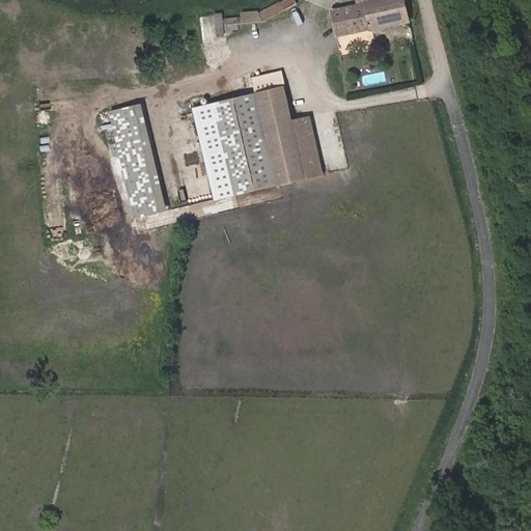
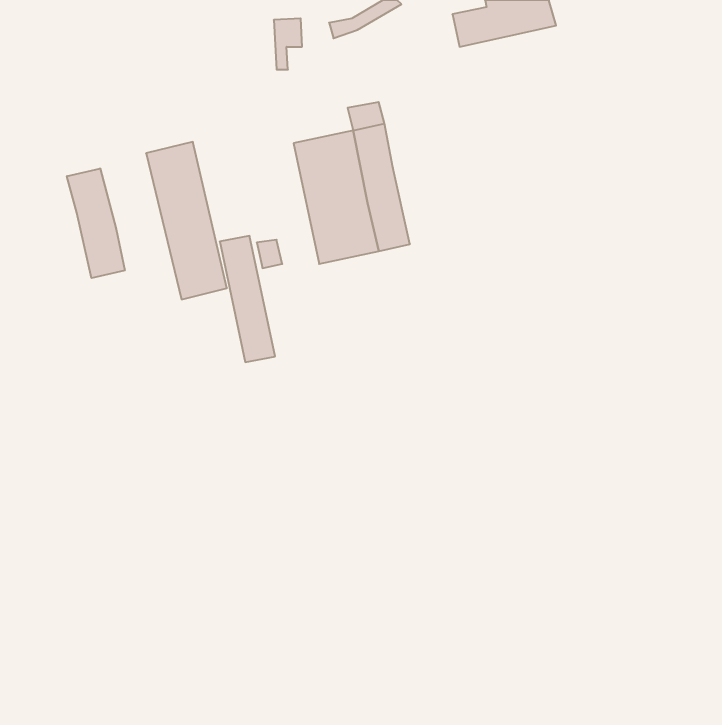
building: [193,105,233,197] -> [220,236,275,362]
building: [287,119,317,178] -> none
building: none -> [67,168,125,278]

